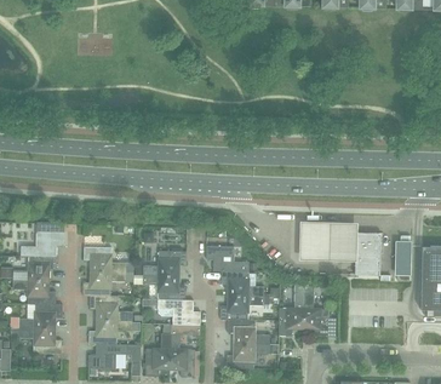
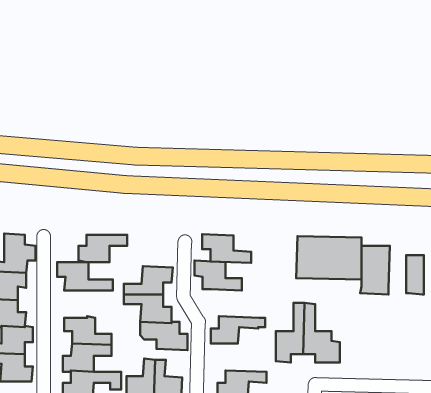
building: [220,270,264,296] -> [202,234,251,263]
building: [82,271,126,296] -> [78,235,127,262]
building: [227,319,270,344] -> none

